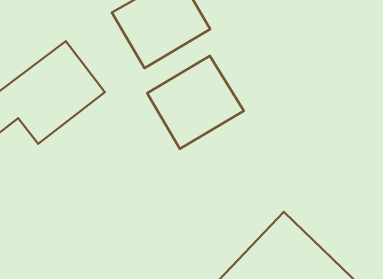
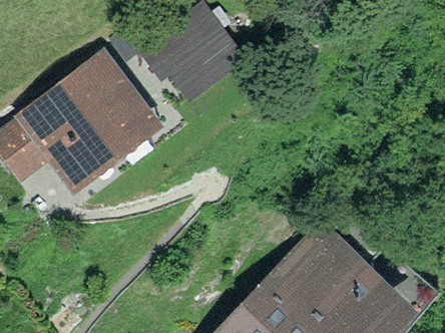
building: [147,56,244,149] -> none

